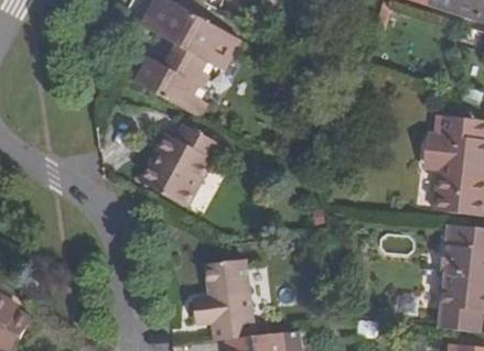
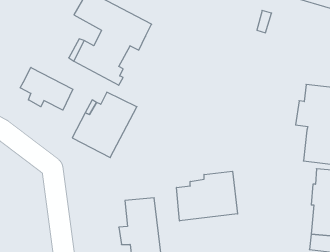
building: none -> [20,67,73,110]
building: none -> [177,171,238,221]

